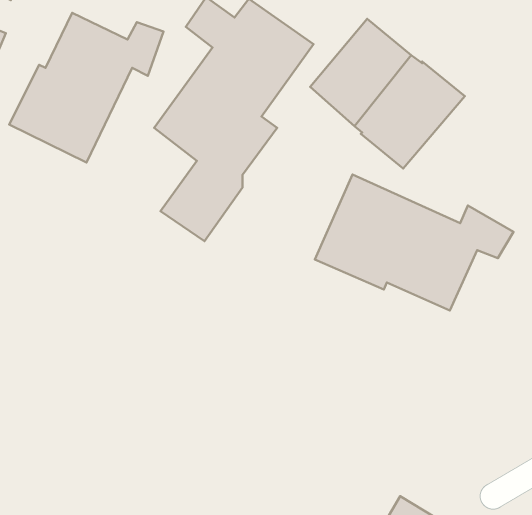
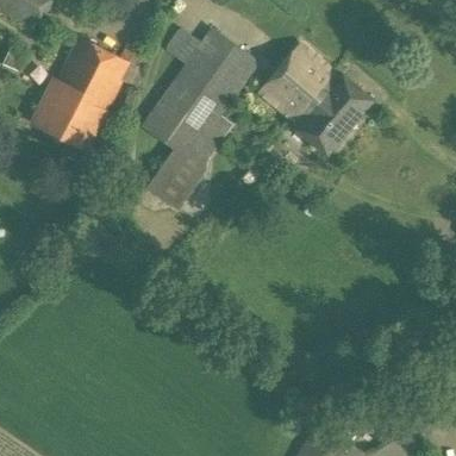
building: [315,175,513,311] -> none

